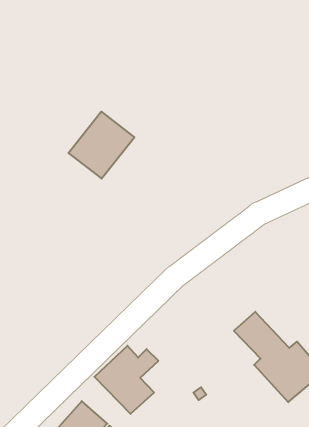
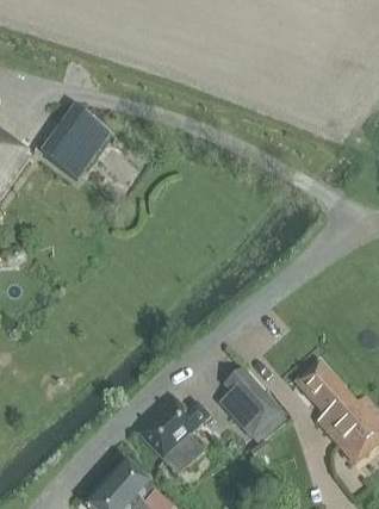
building: [68,112,134,179] -> [42,104,116,179]
building: none -> [224,370,280,428]

